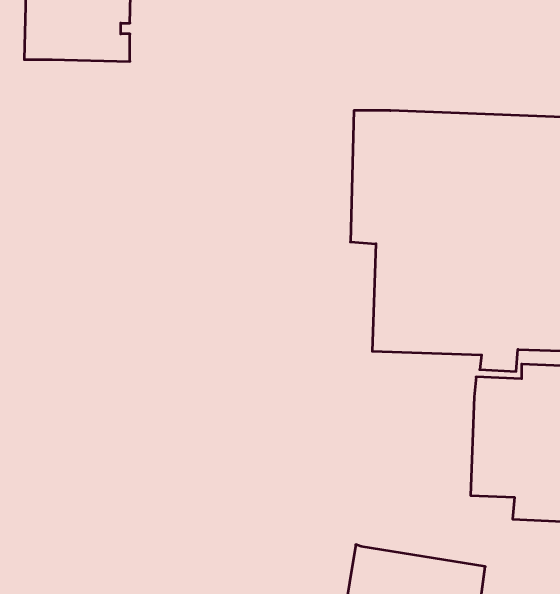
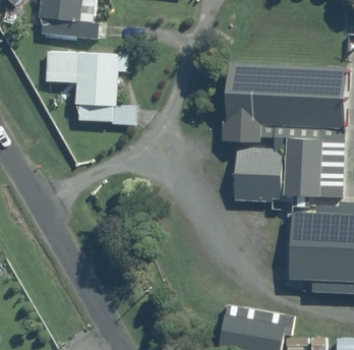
building: none -> [44,50,136,128]

